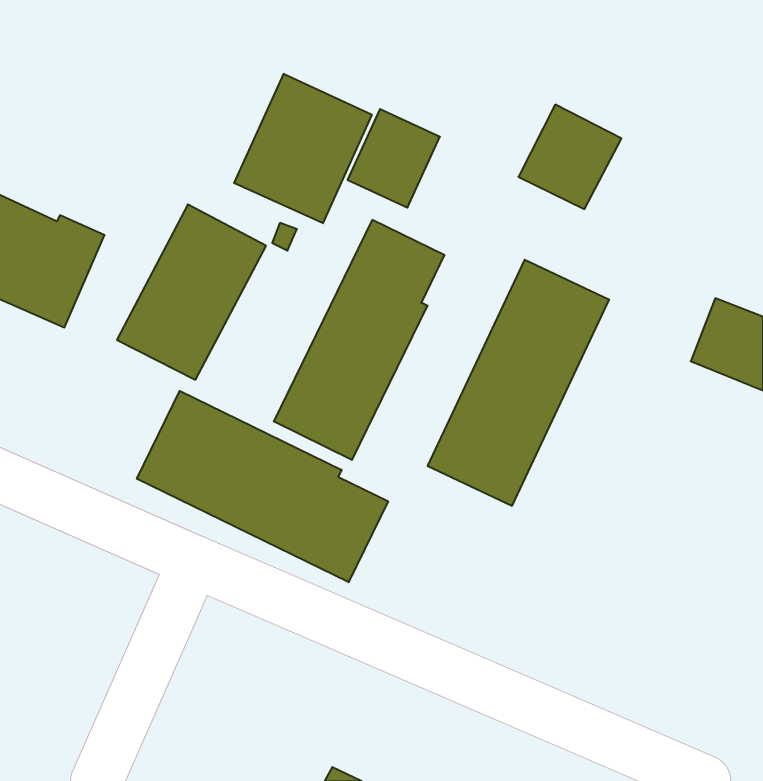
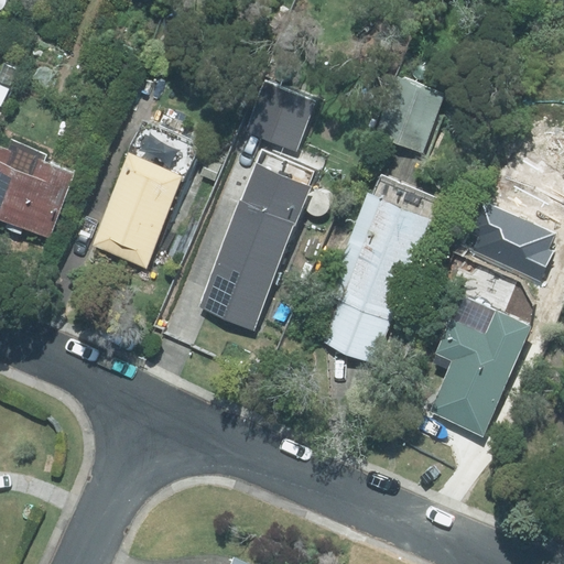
building: [234,74,372,223] -> none
building: [137,391,388,582] -> none
building: none -> [425,300,535,435]

